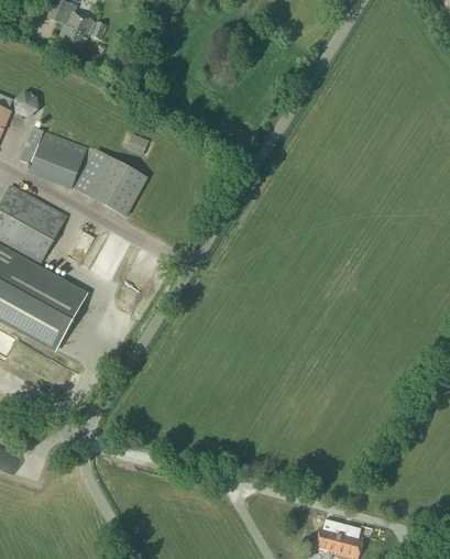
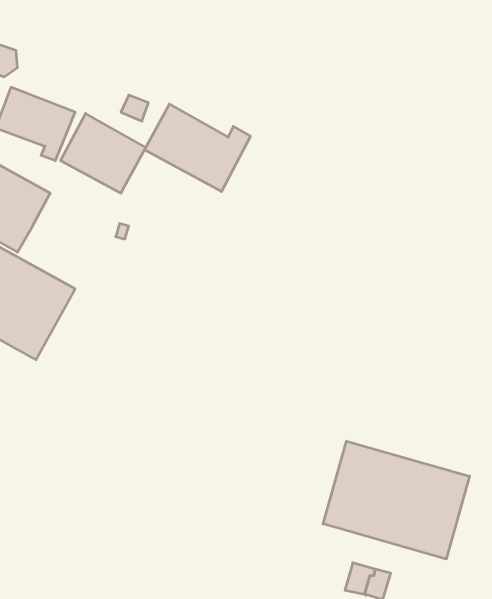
building: none -> [145,104,250,192]
building: none -> [323,441,470,559]

